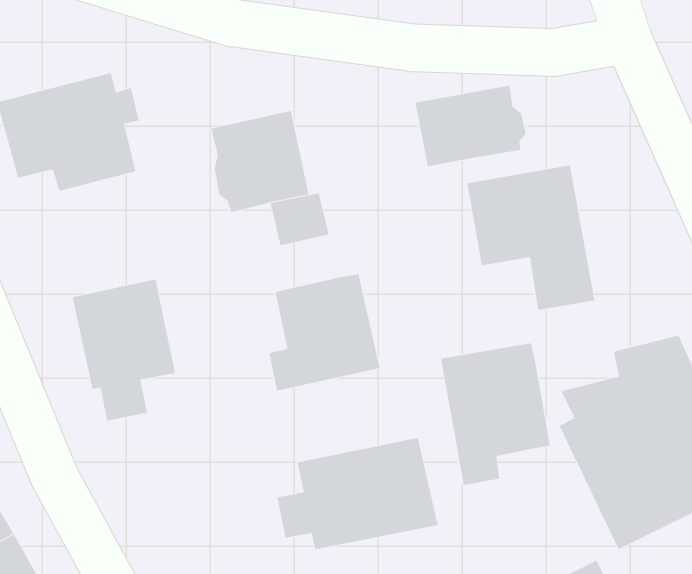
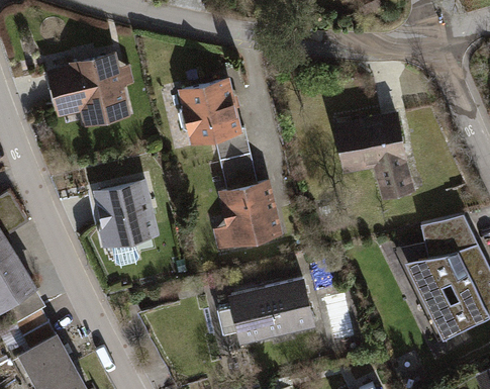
building: [415,85,526,167] -> none
building: none -> [220,153,257,186]
building: [441,343,550,486] -> none

